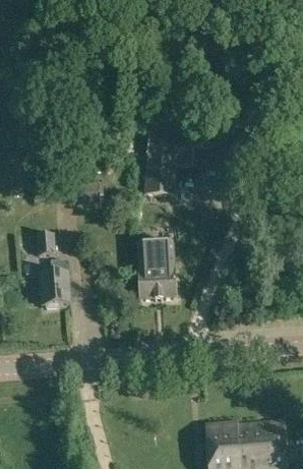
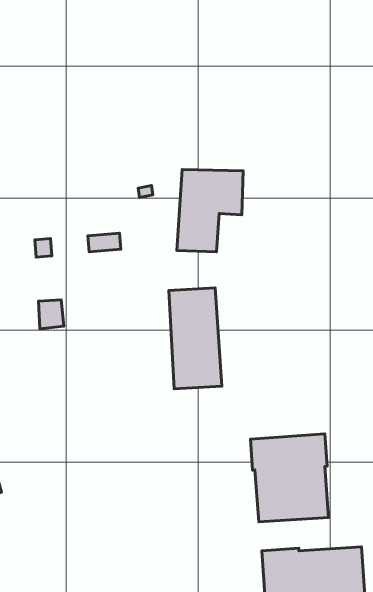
building: [40,259,69,307] -> none
building: none -> [250,434,328,522]

